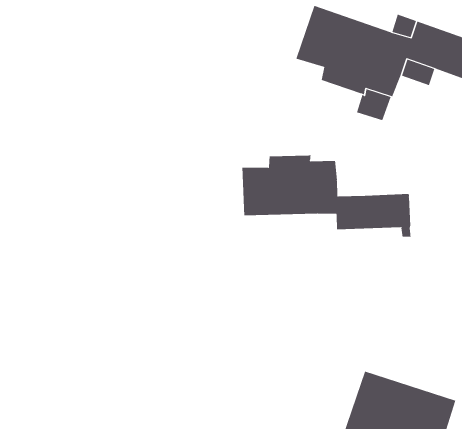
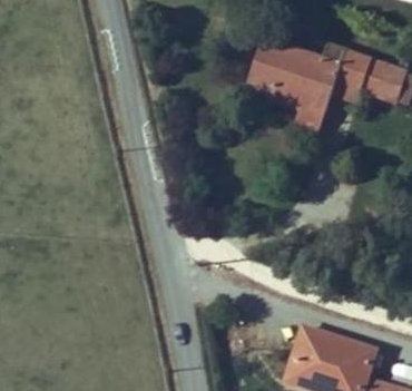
building: [242,154,411,237] -> none

